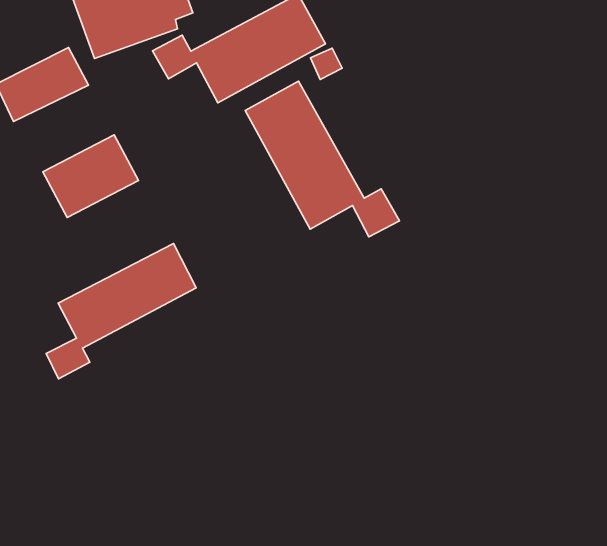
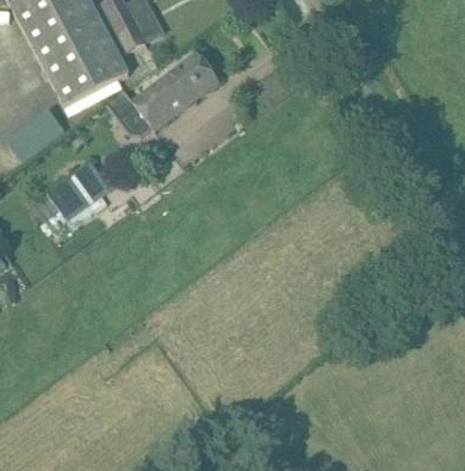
building: [245,81,399,237] -> none
building: [46,244,196,379] -> none

